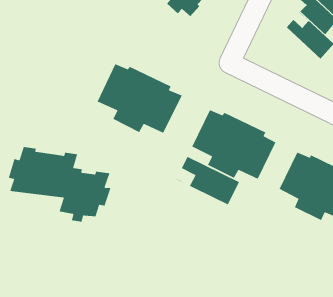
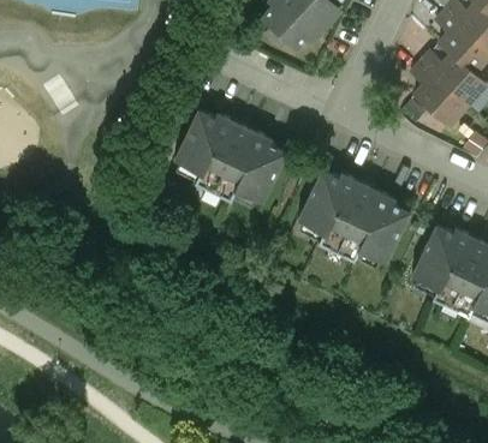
building: none -> [411,62,468,126]
building: [8,146,111,223] -> none
building: [175,156,240,205] -> none

